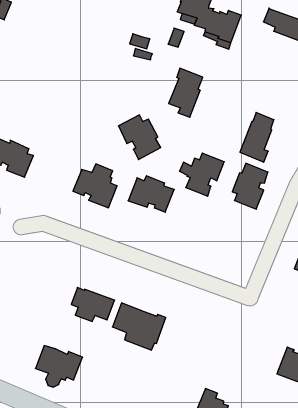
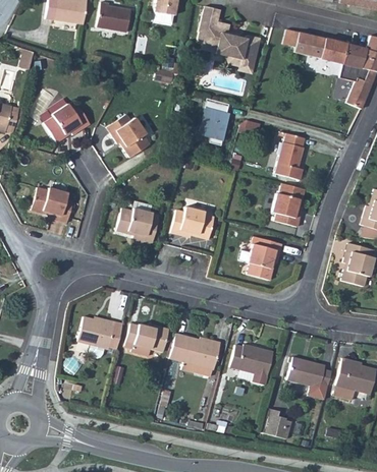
building: none -> [44,104,90,142]
building: [118,115,161,160] -> [106,114,150,158]
building: [179,153,224,196] -> [238,238,281,280]
building: none -> [230,344,273,386]
building: none -> [287,359,331,400]
building: [35,346,83,387] -> [77,317,122,357]

